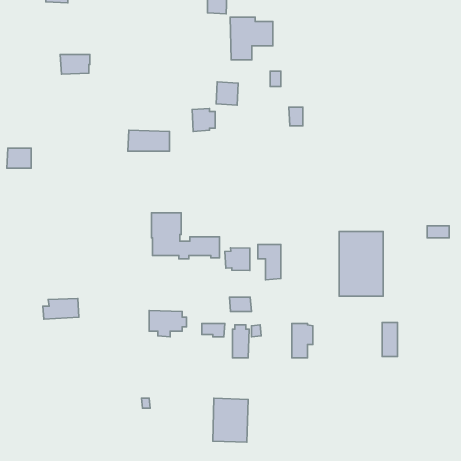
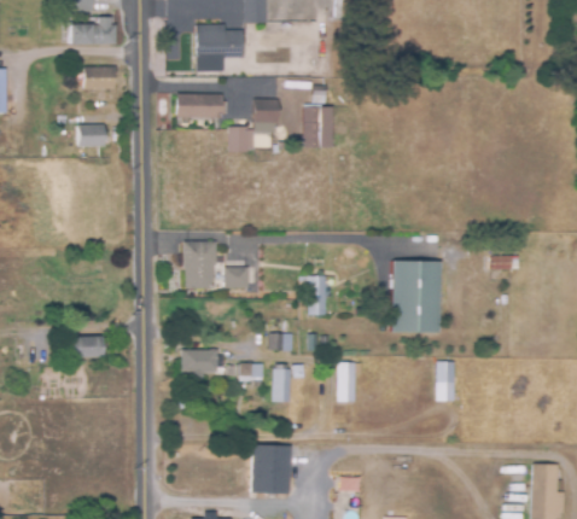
building: none -> [69,17,116,45]
building: [230,17,273,60] -> [196,25,243,72]
building: none -> [304,107,332,147]
building: [128,130,170,151] -> [176,94,222,117]
building: [7,148,31,168] -> [77,124,104,146]
building: [225,248,250,270] -> none

